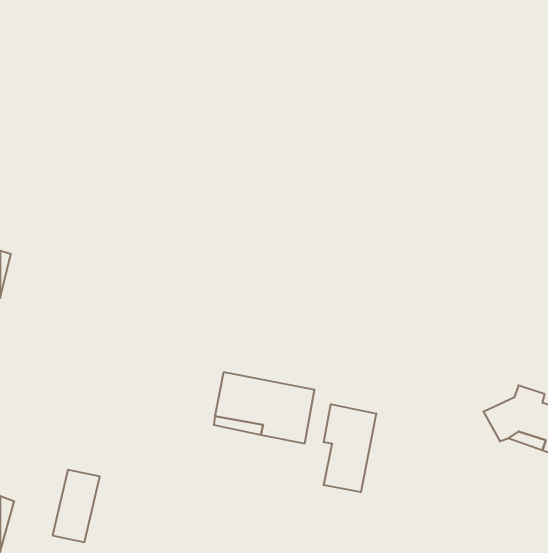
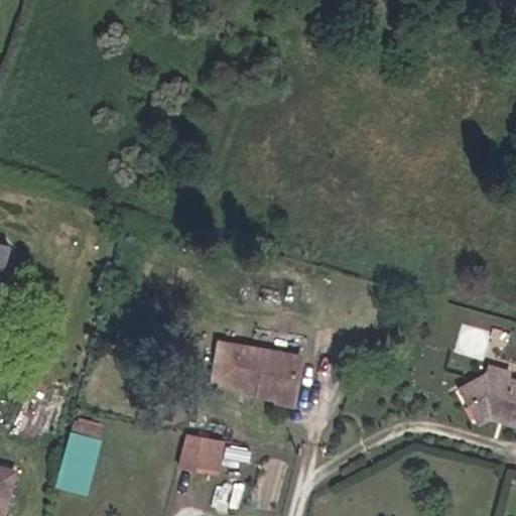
building: [324,404,376,492] -> none
building: none -> [181,434,225,473]

